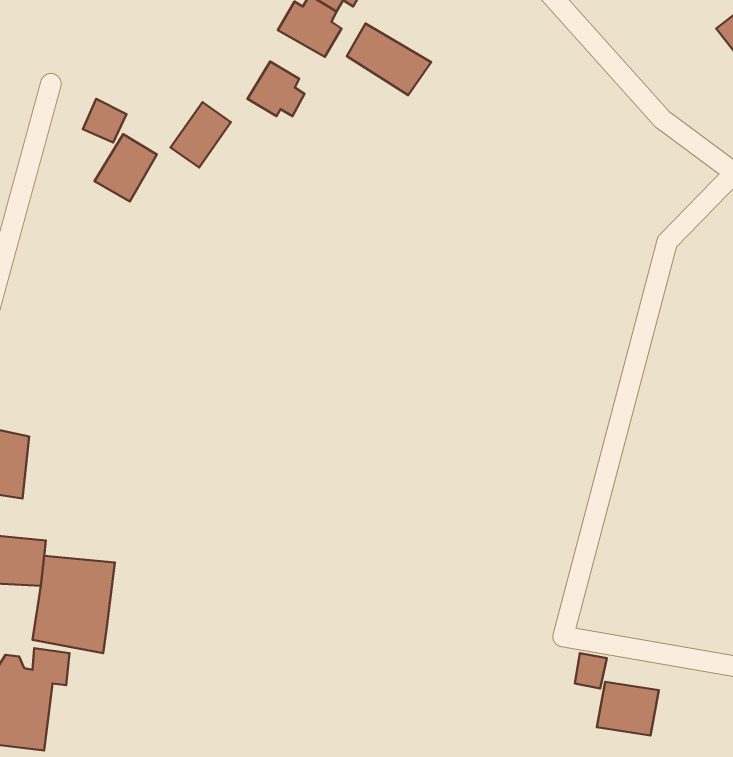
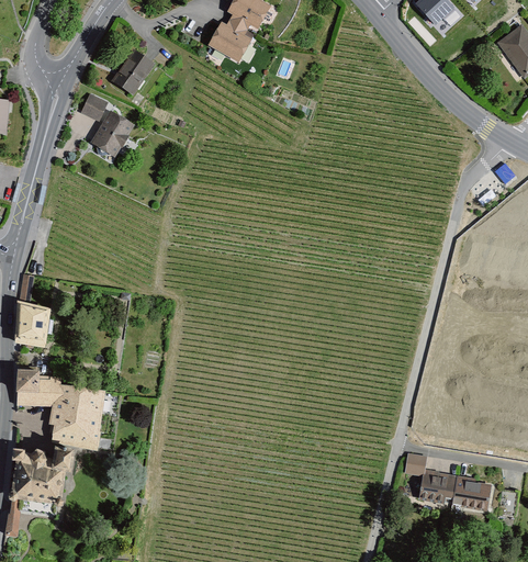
building: [347,23,431,95] -> none
building: [247,62,305,116] -> none
building: [171,102,231,168] -> [111,52,150,94]
building: none -> [453,475,487,510]

